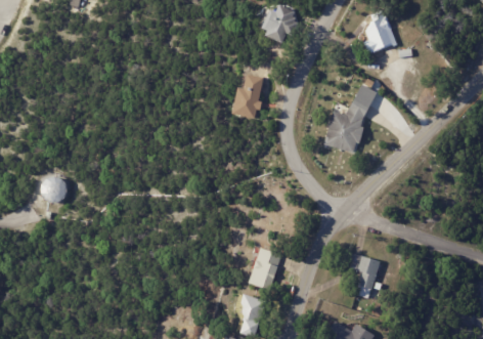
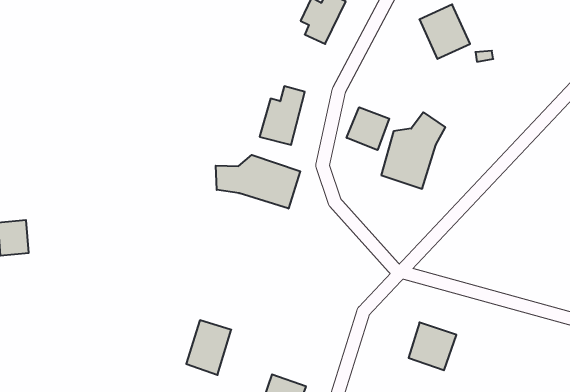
building: none -> [347,107,389,150]
building: none -> [216,155,300,209]
building: [249,248,282,289] -> [186,320,231,375]

